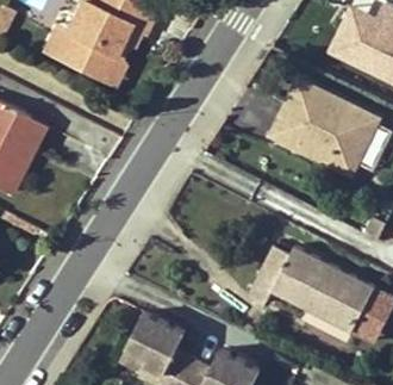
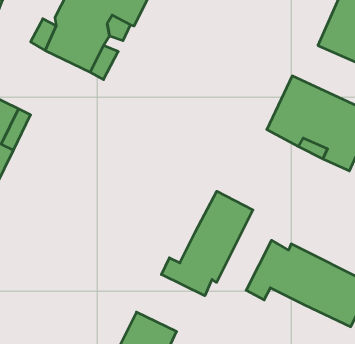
building: none -> [161,191,253,296]

